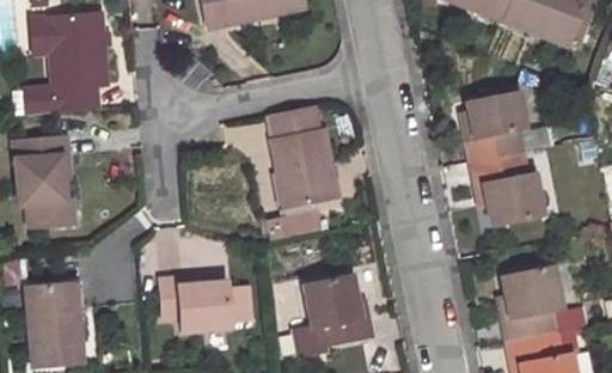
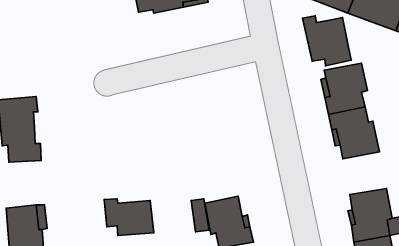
building: [47,14,105,112] -> none
building: none -> [303,16,351,66]
building: [263,106,330,210] -> none

